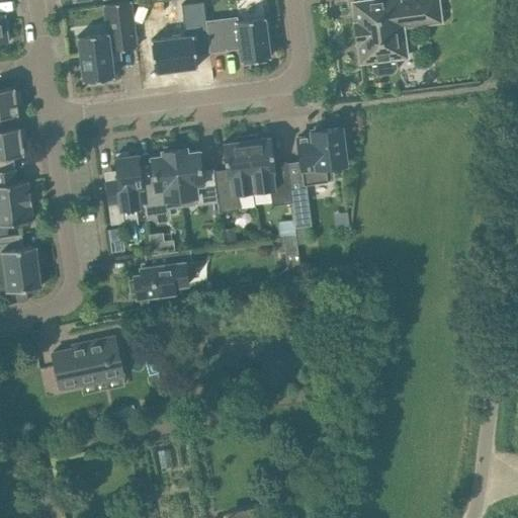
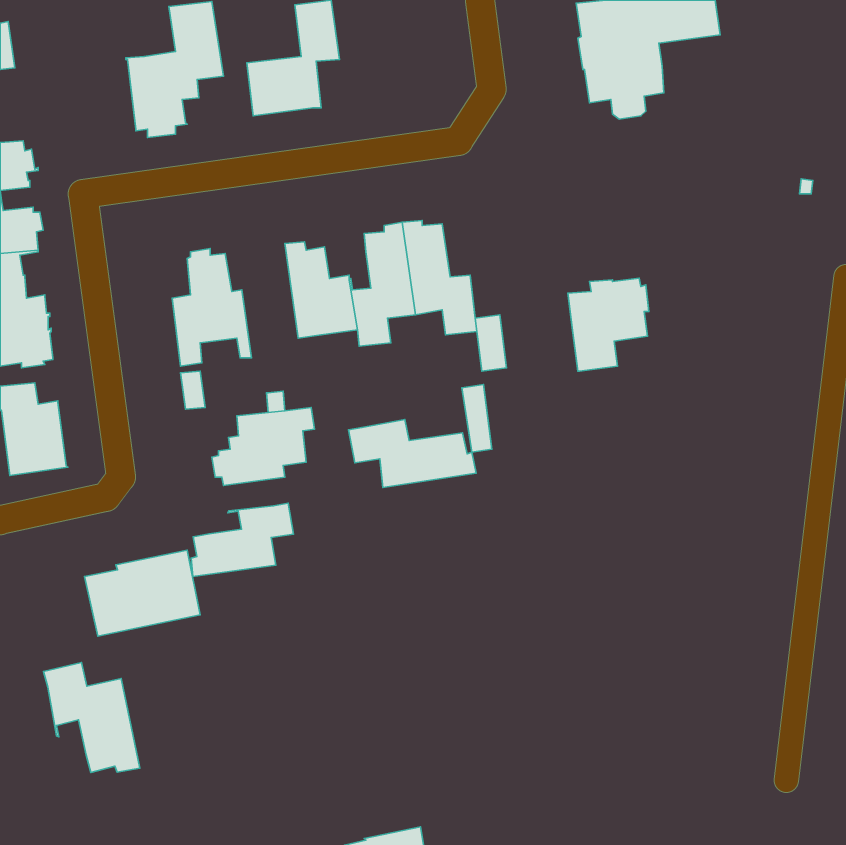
building: [206,17,270,65] -> none
building: [297,128,347,185] -> [568,278,649,371]
building: [148,150,182,222] -> none
building: none -> [349,419,476,488]
building: none -> [191,503,293,577]
building: none -> [44,662,140,772]

